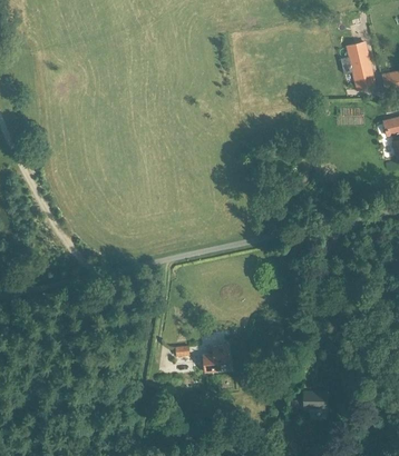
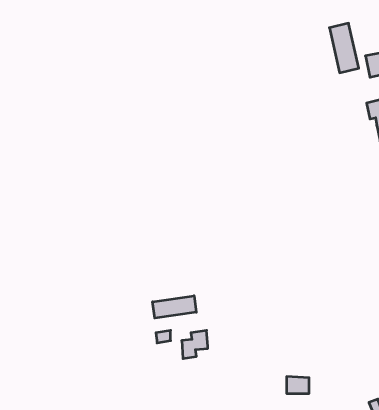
building: none -> [153,296,196,318]

